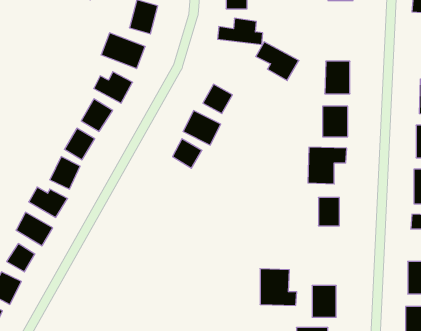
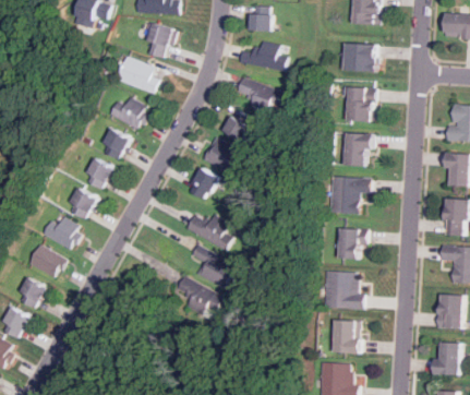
building: none -> [342,43,375,69]
building: [256,42,299,81] -> [234,75,279,116]
building: none -> [185,213,237,250]
building: none -> [190,244,234,288]
building: none -> [176,276,217,315]
building: [260,269,297,305] -> [326,271,364,309]

